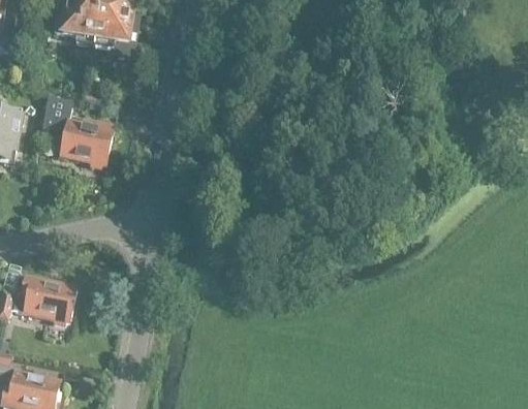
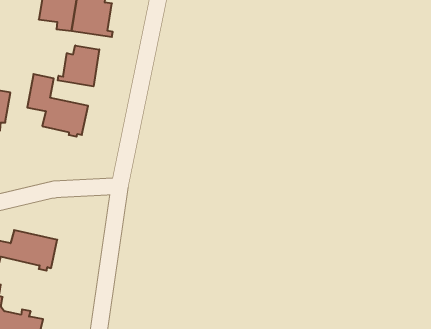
building: none -> [58,45,99,86]

